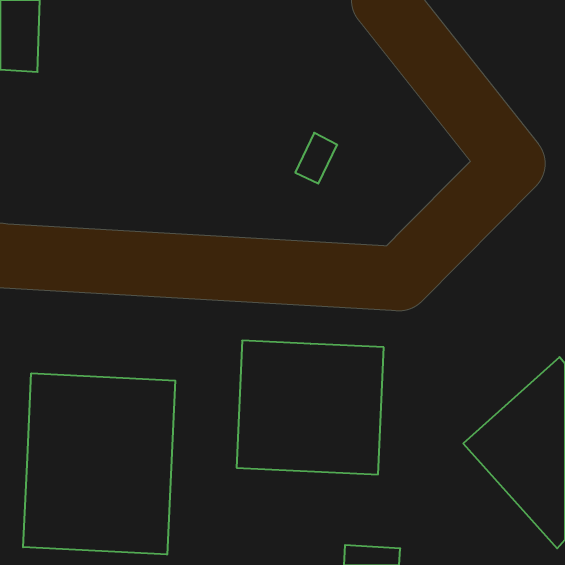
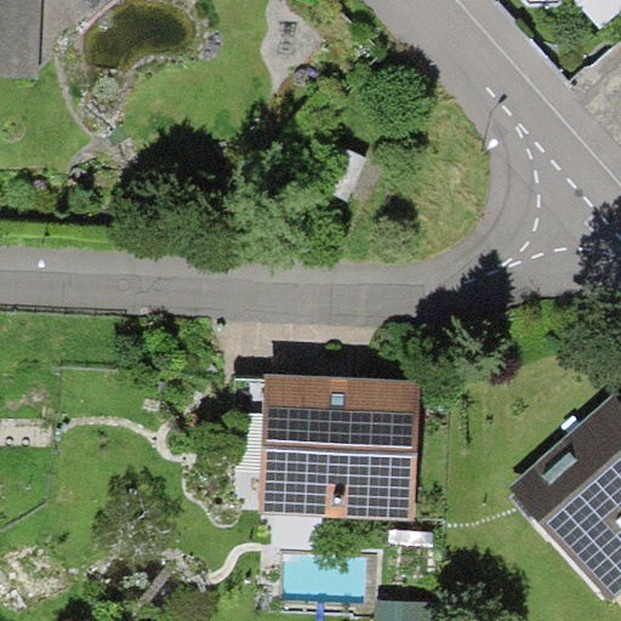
building: [23,373,175,555] -> none

